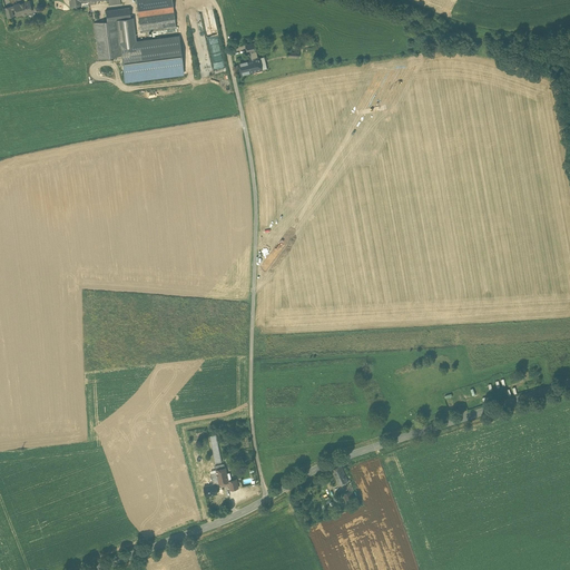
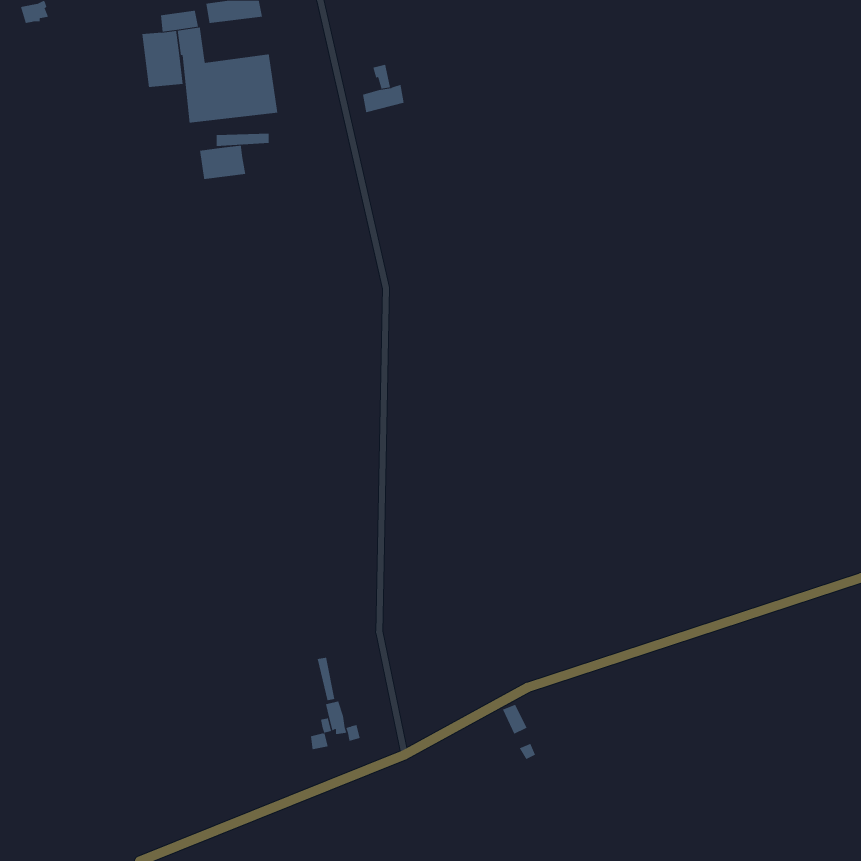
building: [138,11,176,32] -> none
building: none -> [199,145,246,180]

